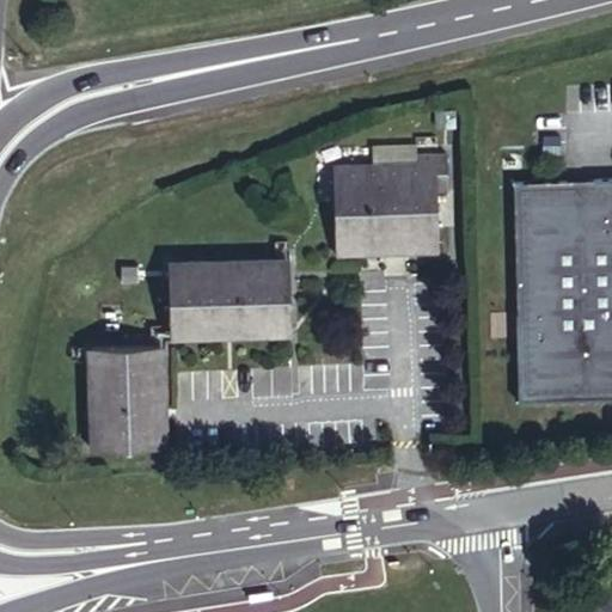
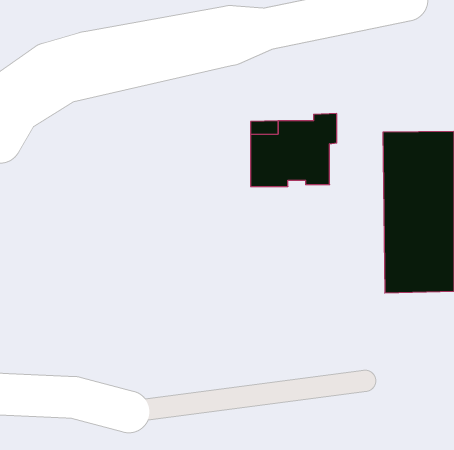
building: [171,263,290,335] -> none
building: [90,349,163,451] -> none

